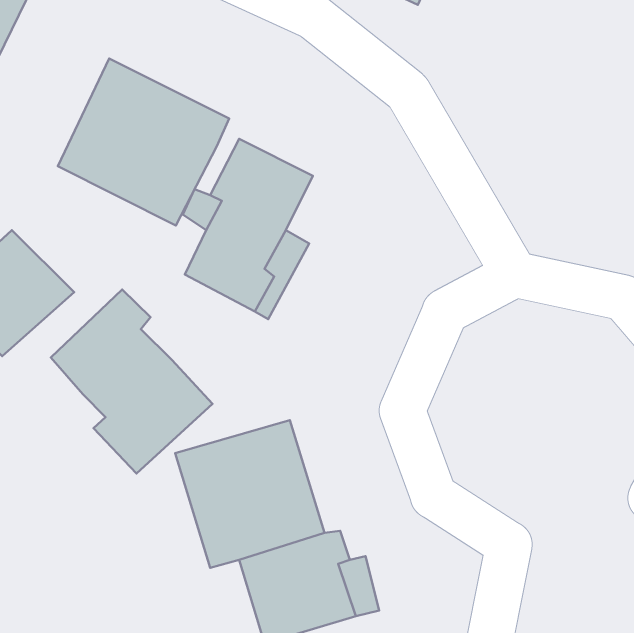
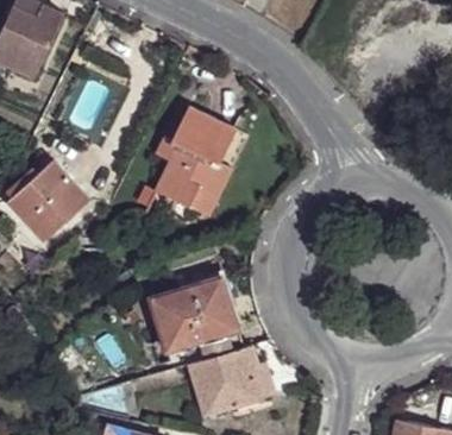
building: [58,59,229,226] -> none
building: [51,290,212,473] -> none

